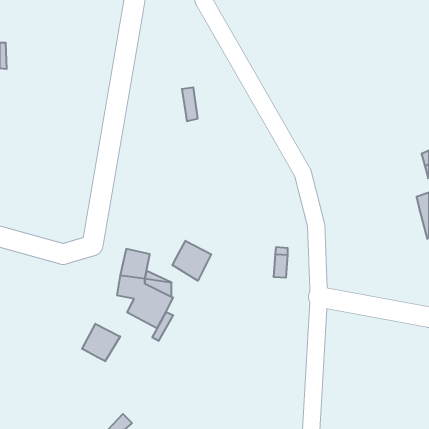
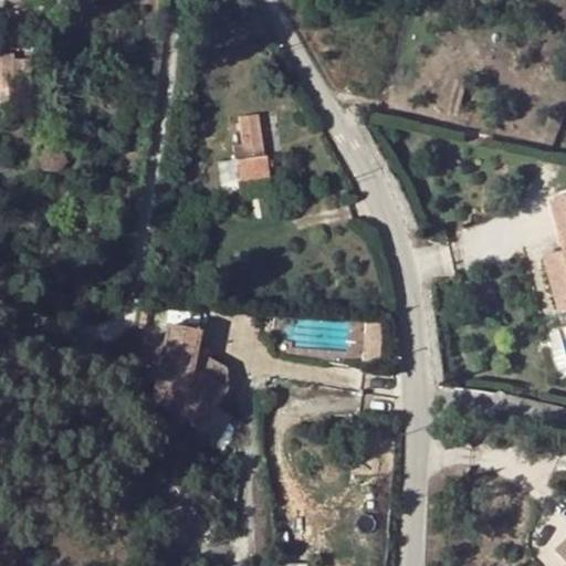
building: [172,241,211,281] -> none
building: [82,324,120,361] -> none

